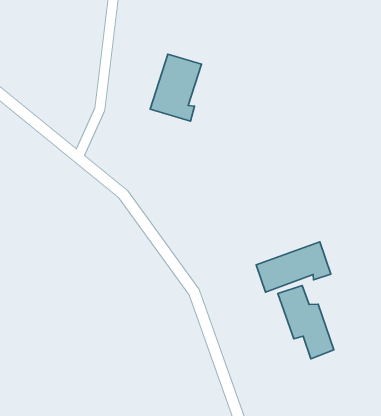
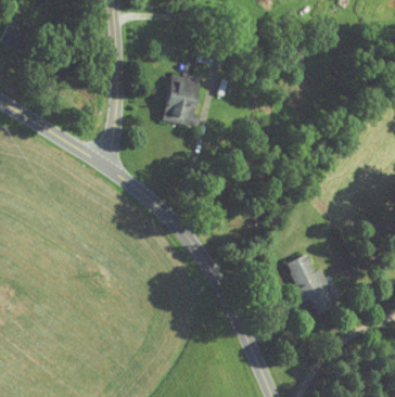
building: [256,242,331,292] -> none

